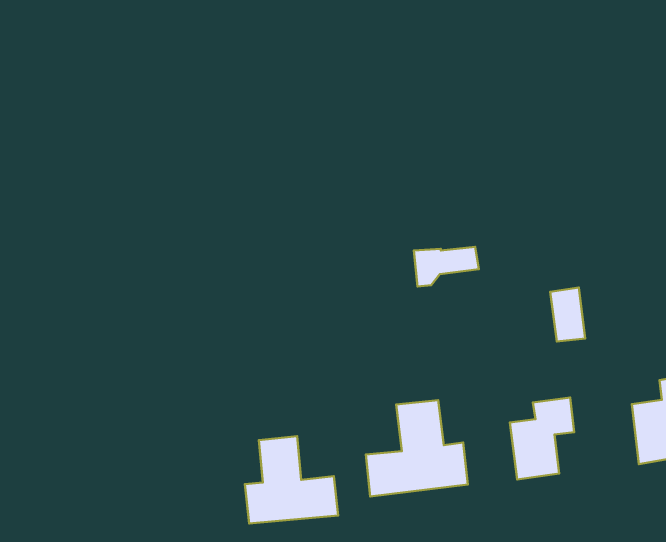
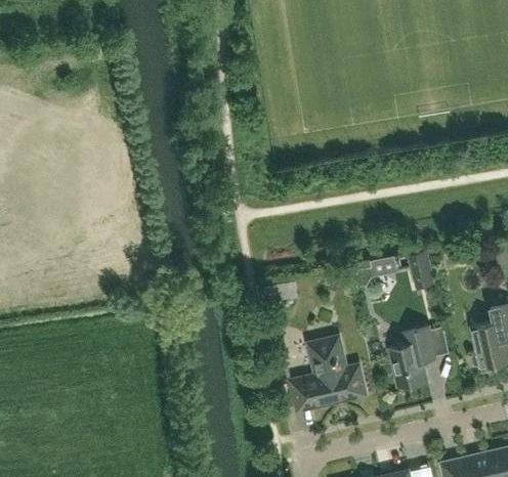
building: [414,247,479,287] -> [352,255,398,287]
building: [245,436,338,523] -> none

